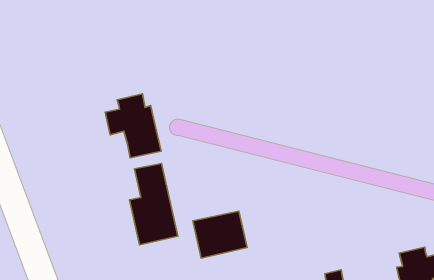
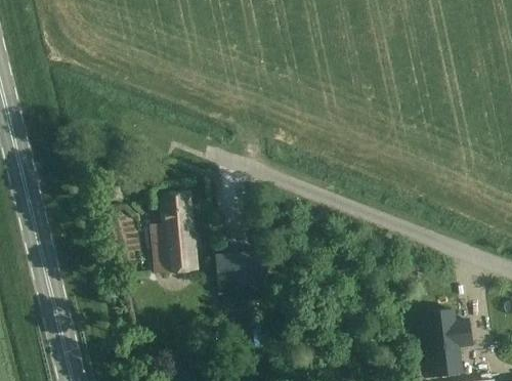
building: [105,94,161,158] -> none

